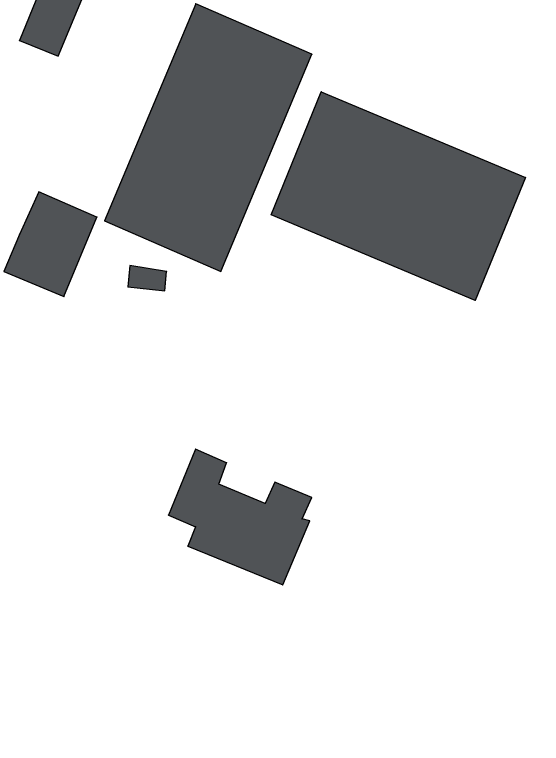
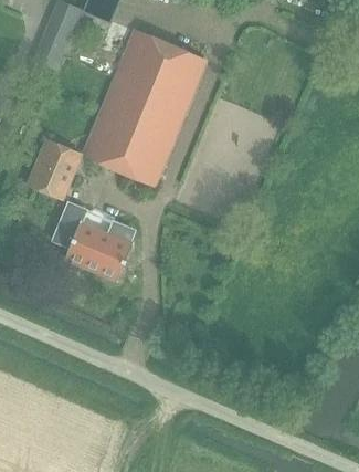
building: [271,92,525,300] -> none
building: [168,449,312,585] -> [53,202,135,280]

